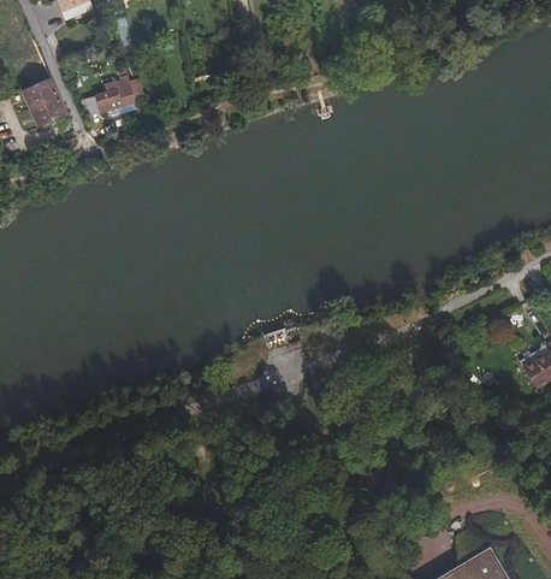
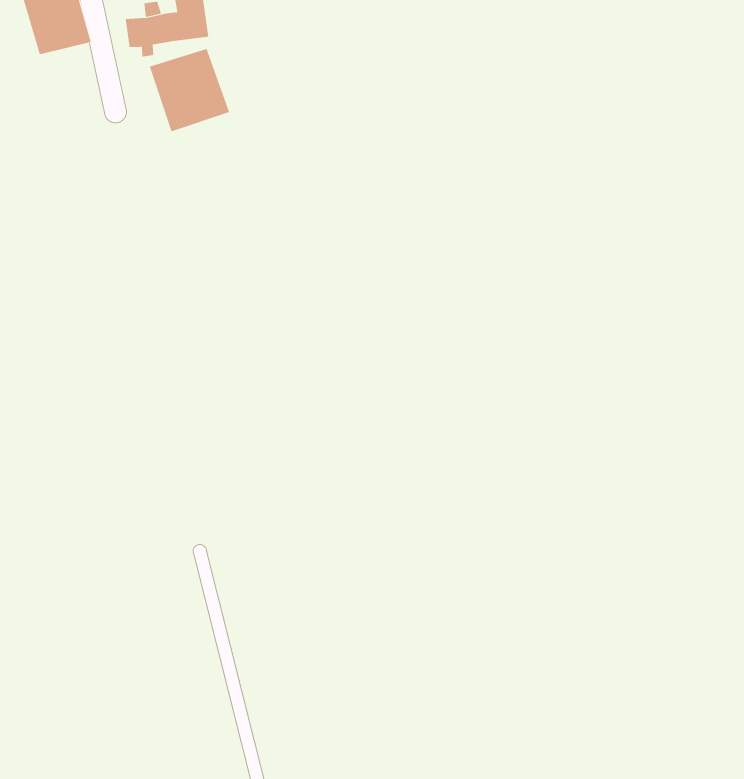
building: none -> [149,48,230,132]

